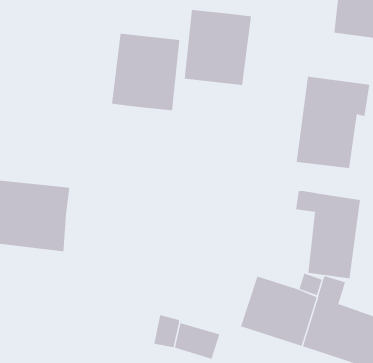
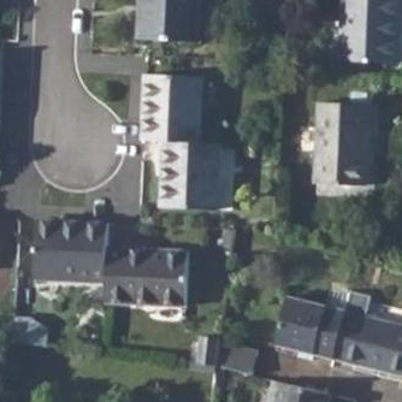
building: [184,9,252,86] -> [159,144,218,212]
building: [296,190,361,279] -> none
building: none -> [105,249,188,307]

